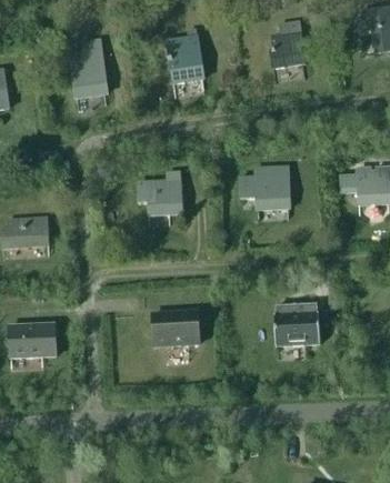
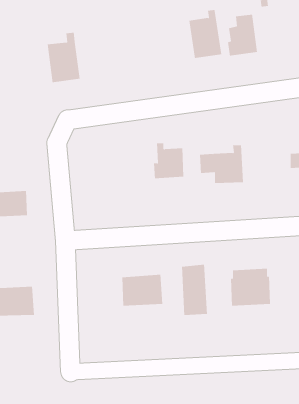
building: [166,28,203,82] -> [188,10,222,58]
building: [147,174,181,214] -> [153,143,184,179]
building: none -> [181,264,208,316]

